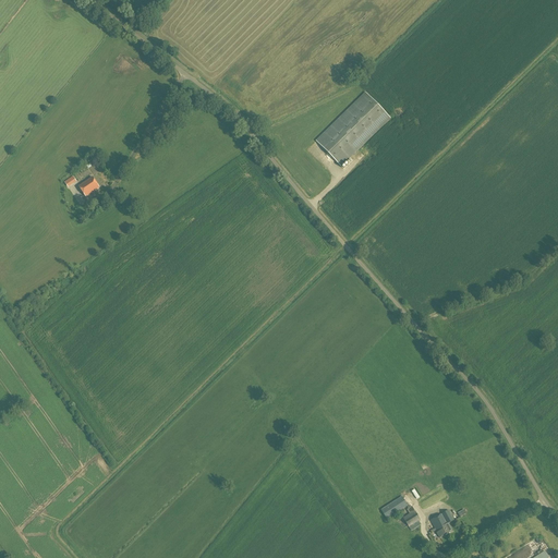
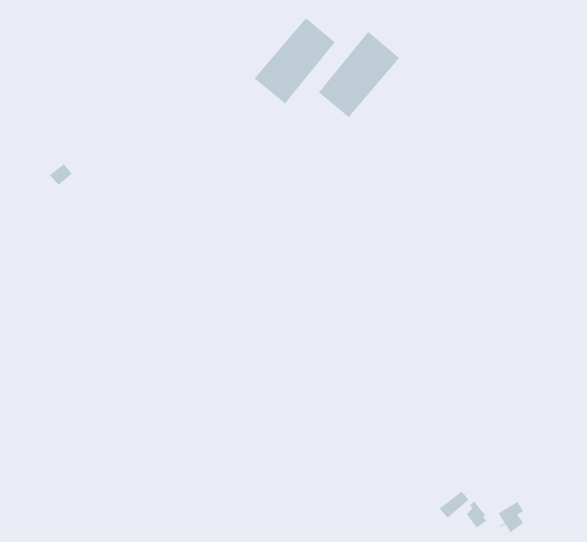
building: none -> [254,17,336,105]

